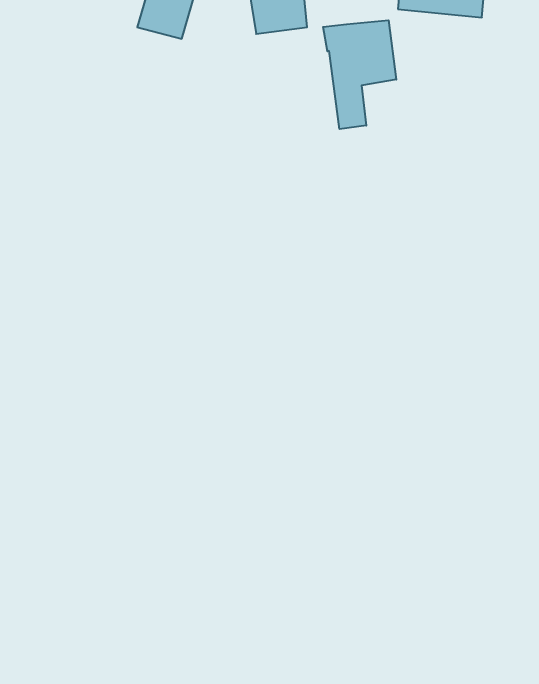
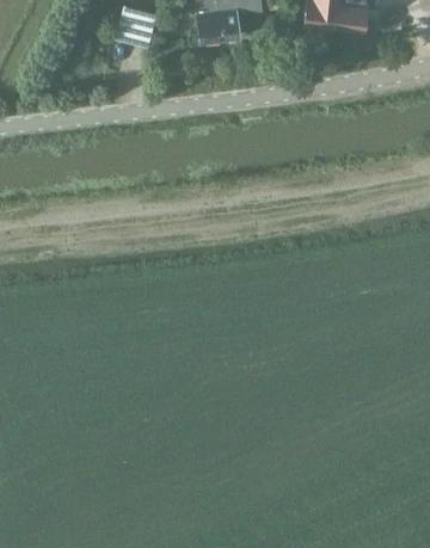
building: [323,20,396,129] -> none

